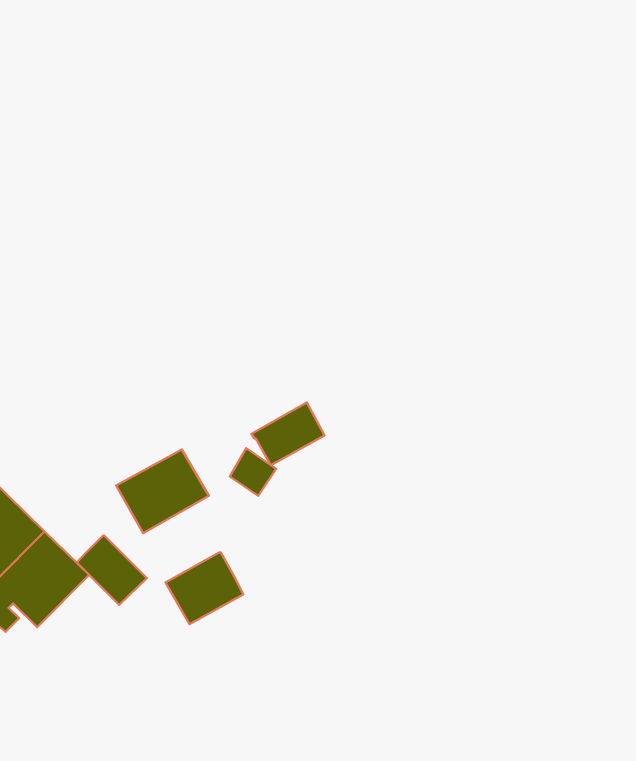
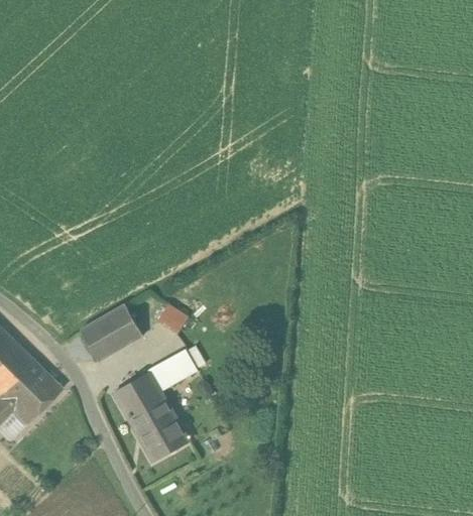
building: [251,403,325,465] -> [147,349,197,391]
building: [77,535,147,605] -> none
building: none -> [129,401,189,462]

